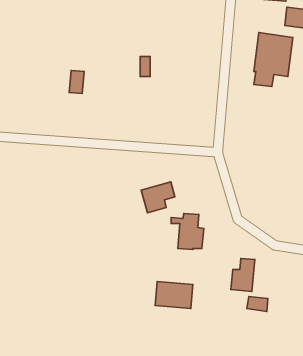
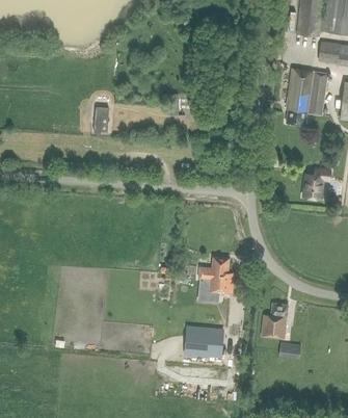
building: none -> [303,167,330,198]
building: [141,182,175,213] -> none

